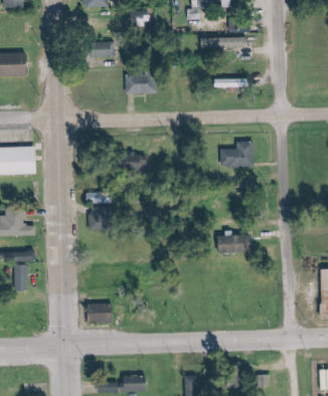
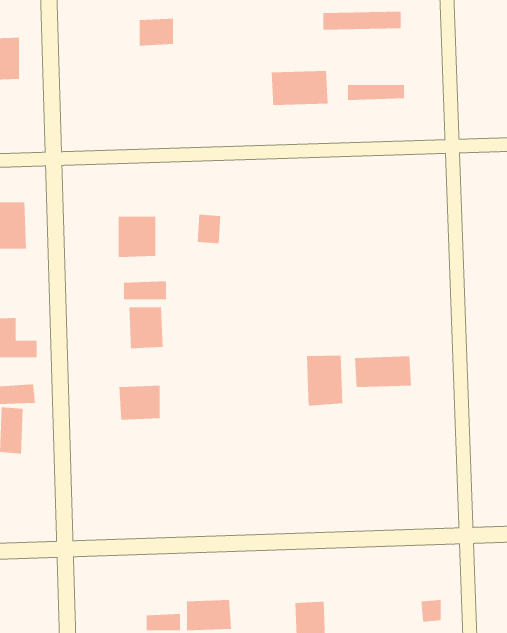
building: [123,74,156,94] -> [271,71,328,106]
building: [219,141,253,168] -> none
building: none -> [118,216,156,258]
building: none -> [306,355,343,406]
building: [88,304,112,324] -> [119,385,161,420]

